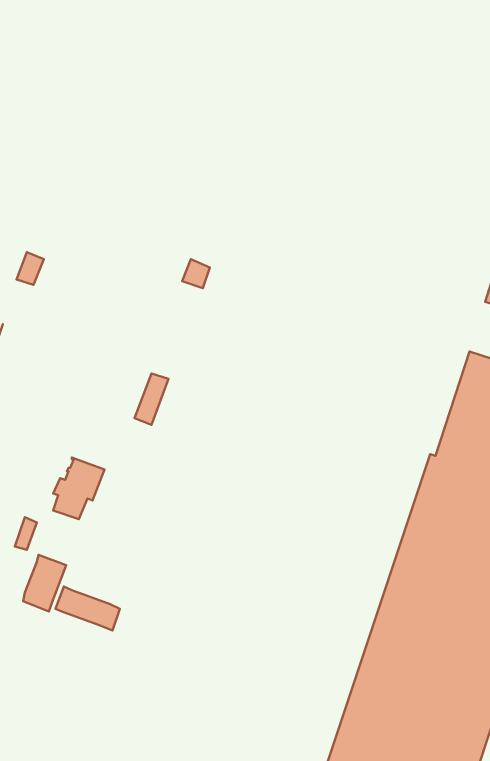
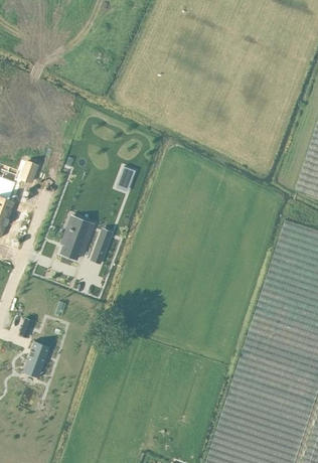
building: [53,458,104,519] -> [63,222,94,259]
building: [56,586,120,630] -> none

